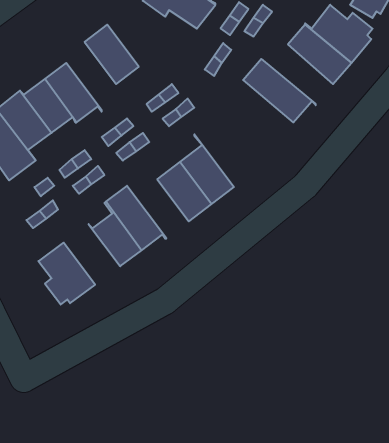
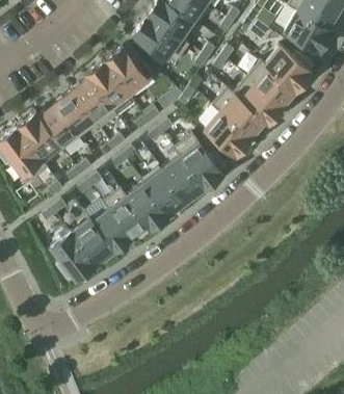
building: none -> [105,47,149,95]
building: none -> [73,75,118,129]
building: none -> [227,77,283,124]
building: none -> [205,105,252,159]
building: none -> [174,134,227,189]
building: none -> [127,183,169,230]
building: none -> [71,218,115,266]

